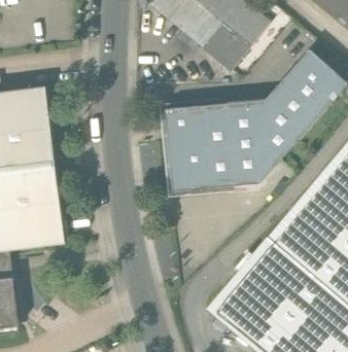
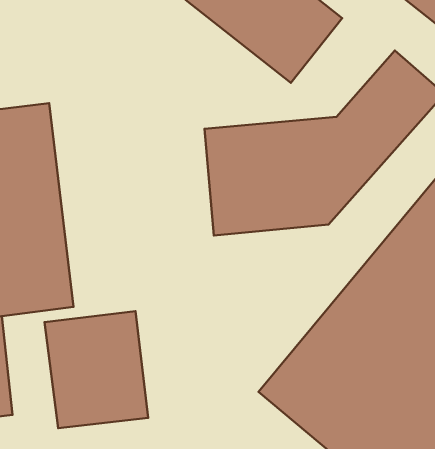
building: none -> [44,311,148,428]

